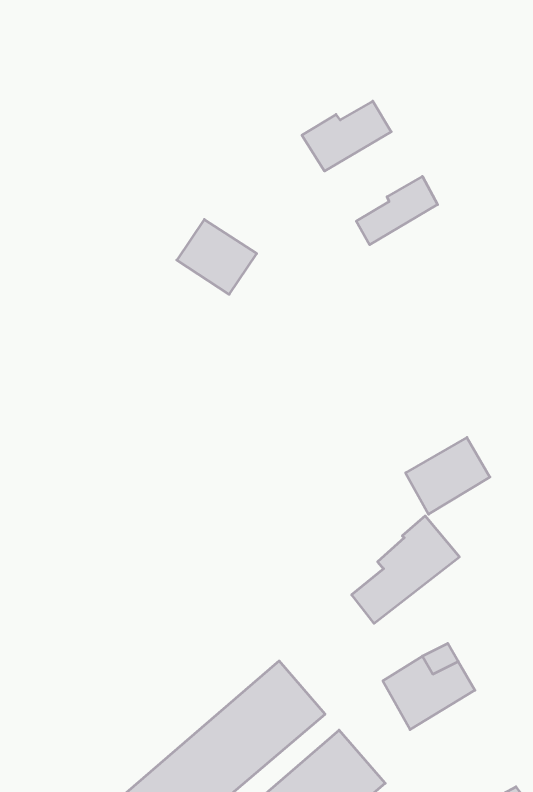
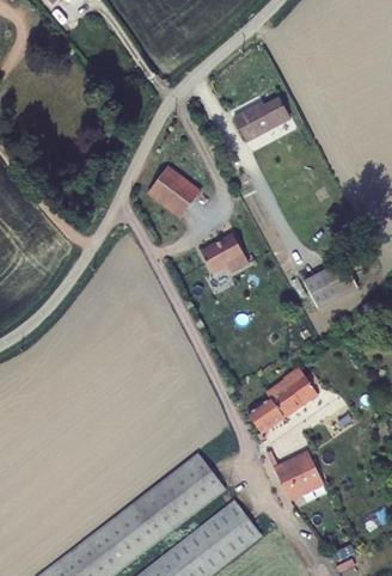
building: [356,176,438,245] -> none
building: none -> [201,233,247,271]
building: [406,437,490,514] -> [304,261,357,308]

